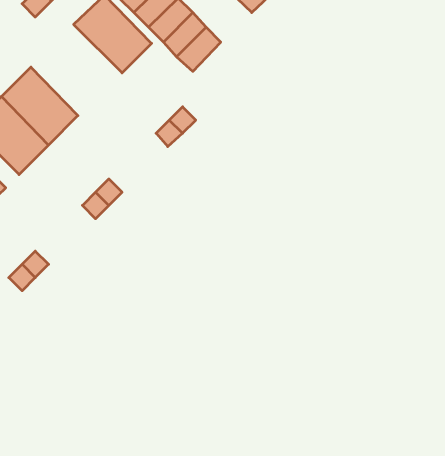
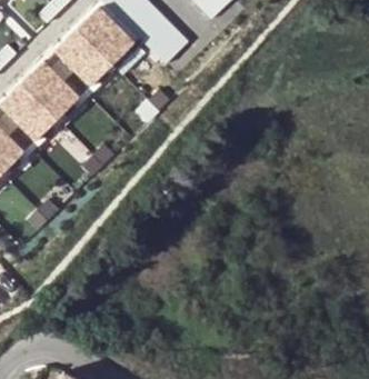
building: none -> [54,28,113,87]

